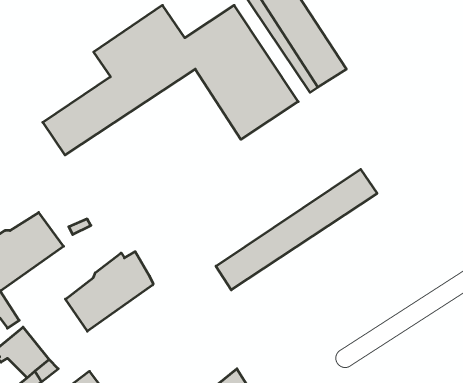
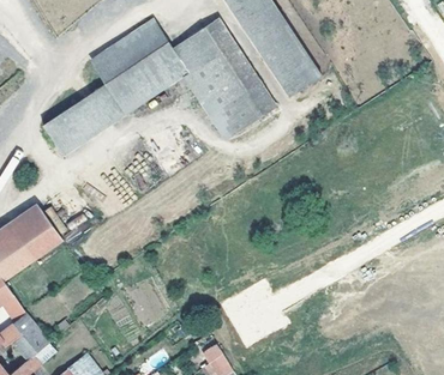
building: [216,169,377,290] -> none
building: [65,252,153,331] -> none

